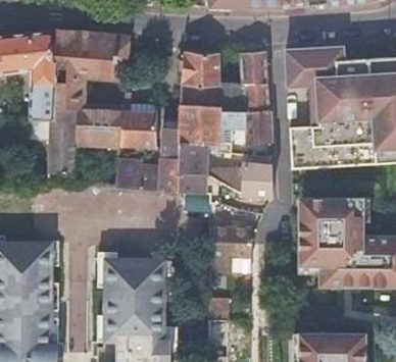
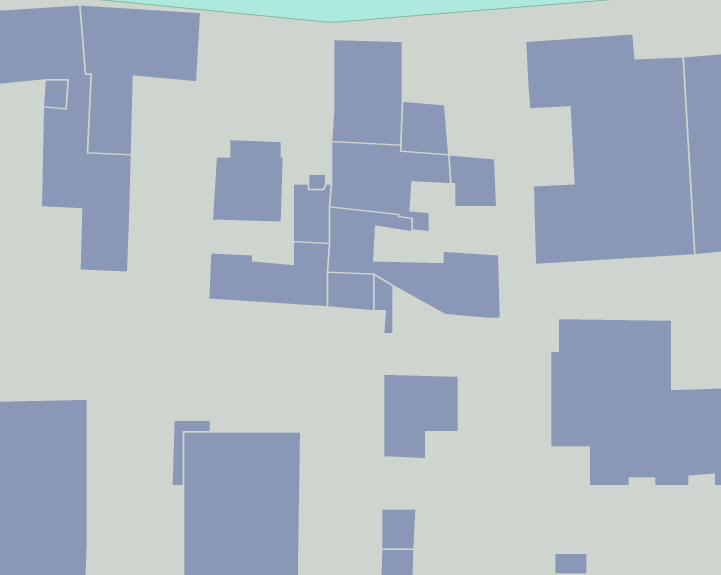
building: [241,51,269,113] -> none
building: [76,111,121,146] -> none

